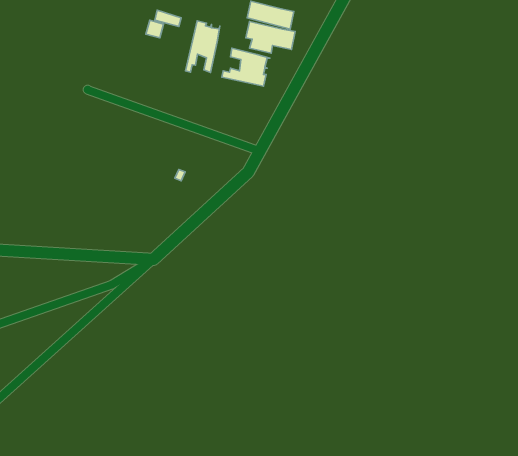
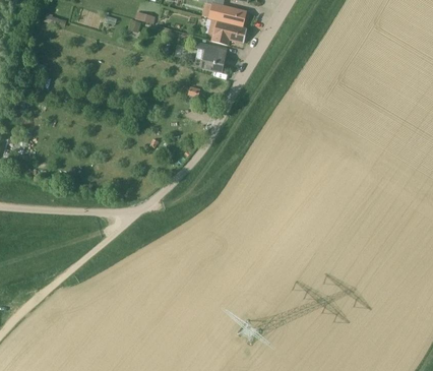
building: [185,21,220,72] -> none

